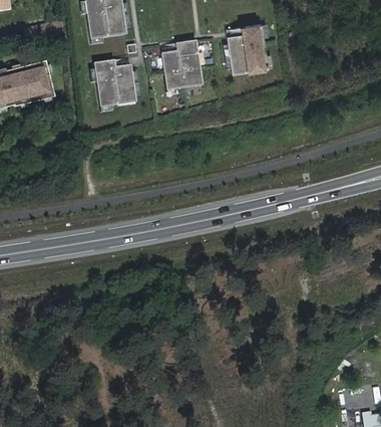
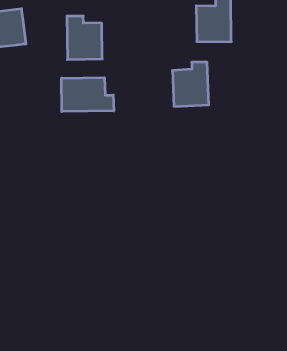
building: [160,40,203,90] -> [172,62,209,106]
building: none -> [62,78,114,112]

